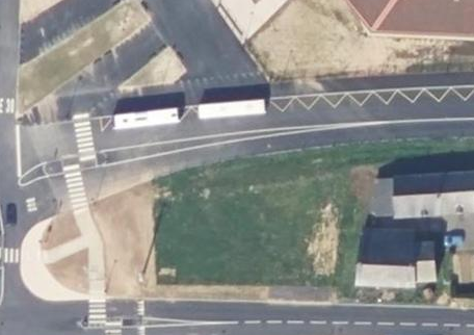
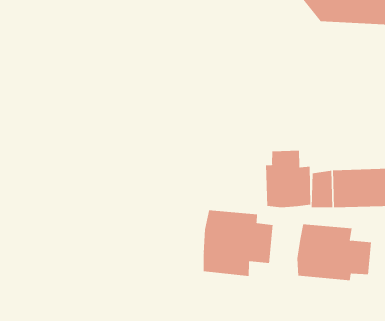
building: none -> [266,150,311,208]
building: none -> [203,209,273,277]

